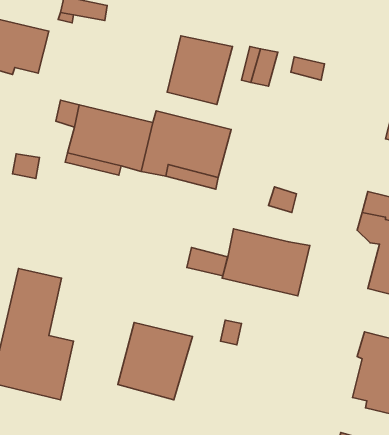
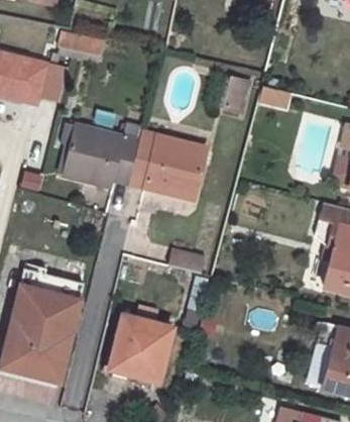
building: [167,36,233,105] -> none
building: [222,229,310,296] -> none
building: none -> [50,278,84,332]

